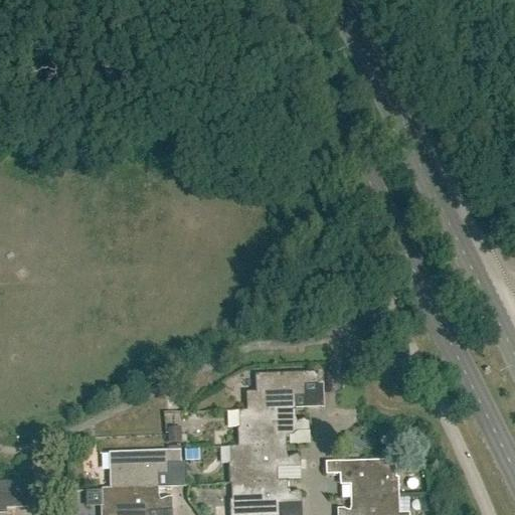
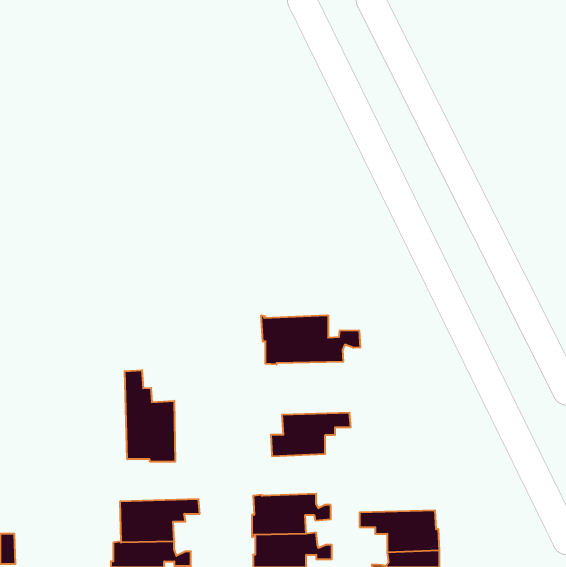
building: none -> [261,315,360,365]
building: none -> [125,370,175,462]
building: [238,411,310,450] -> none

